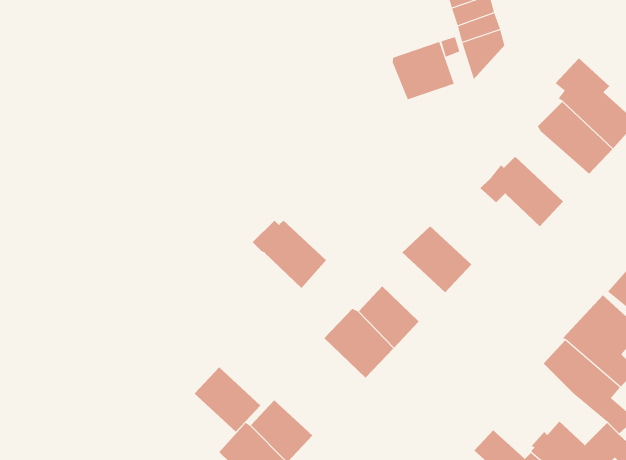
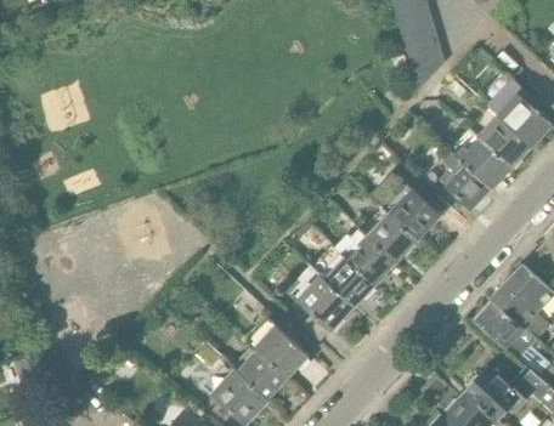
building: [392,41,454,100] -> none
building: none -> [452,132,511,189]
building: none -> [383,184,440,240]
building: [252,220,327,289] -> [334,231,395,286]
building: [194,367,261,433] -> [254,325,309,379]

